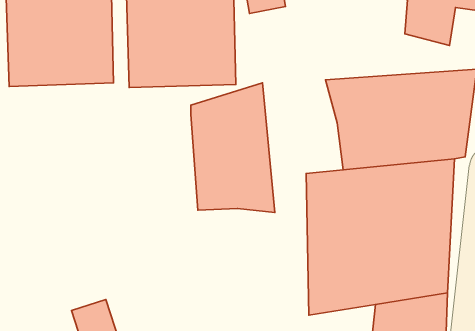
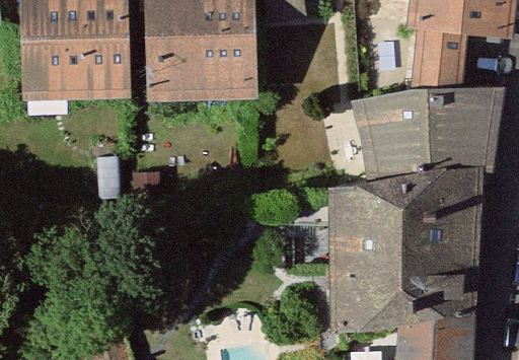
building: [191,83,275,212] -> none

